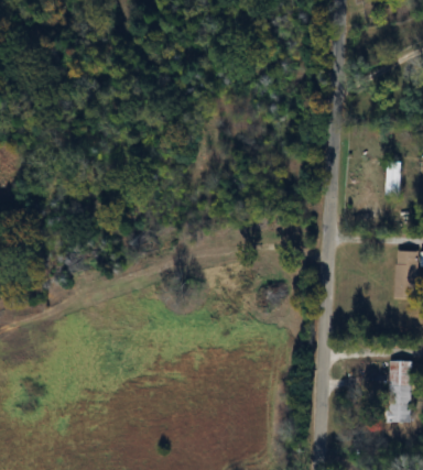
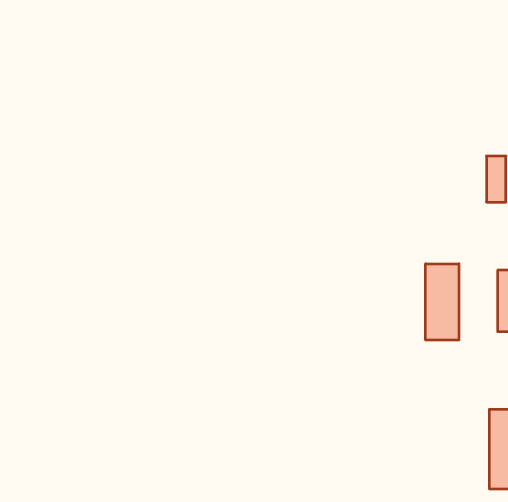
building: none -> [426,264,459,340]

